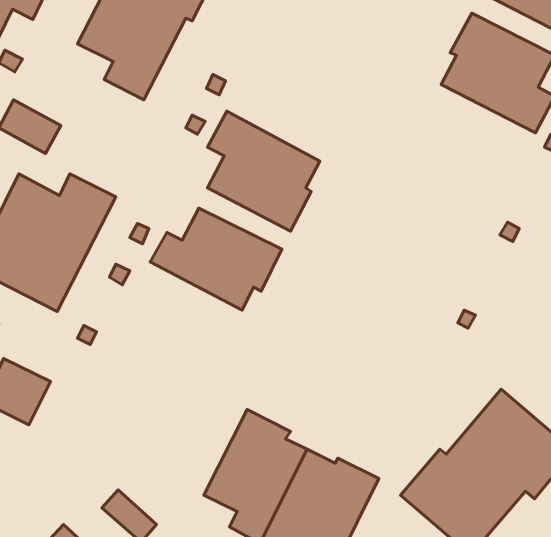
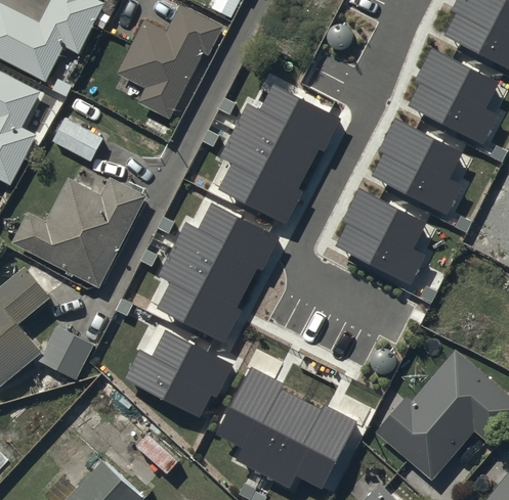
building: none -> [236,85,341,168]
building: none -> [372,119,463,215]
building: none -> [337,188,428,284]
building: none -> [159,248,248,343]
building: none -> [124,331,234,418]

